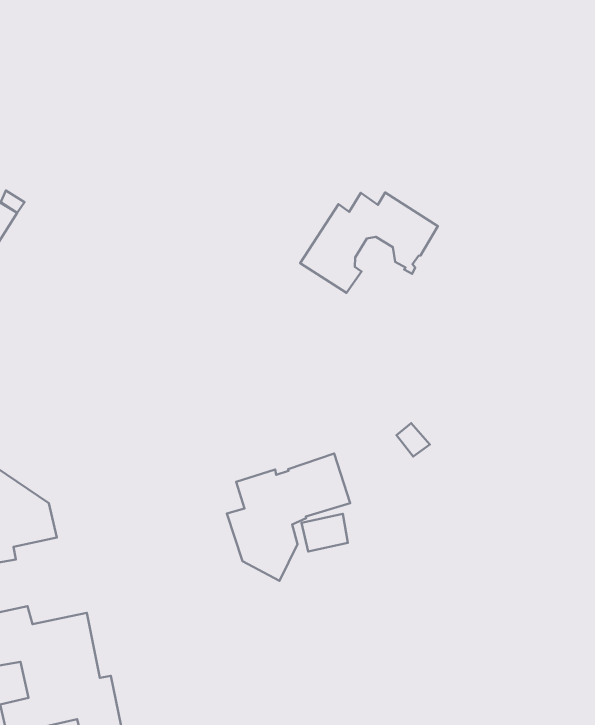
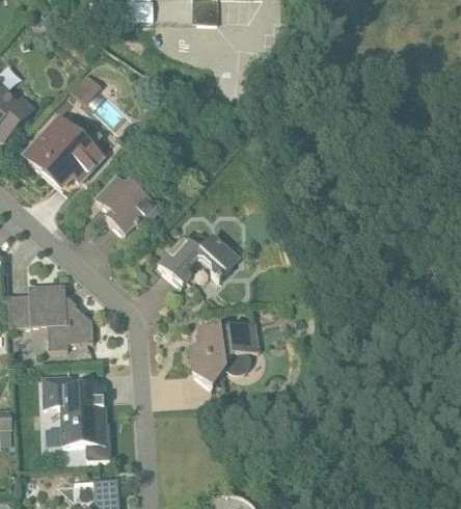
building: [300,192,438,293] -> [158,232,238,286]
building: none -> [96,178,158,235]

